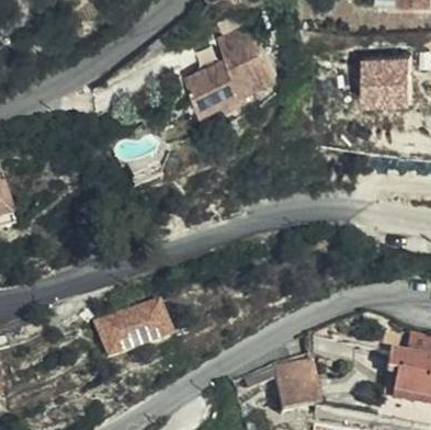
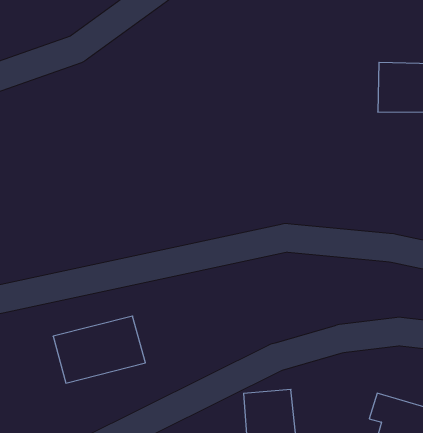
building: [180,23,270,105] -> none

